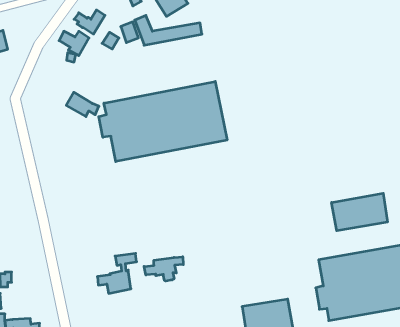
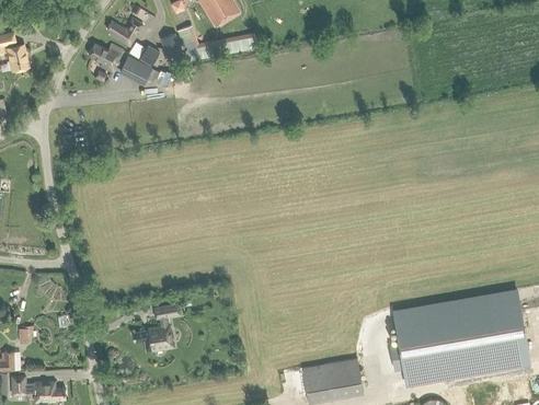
building: [99,81,227,162] -> none
building: [66,92,99,117] -> [119,56,158,84]
building: [332,193,387,231] -> none
building: [144,257,183,281] -> none

